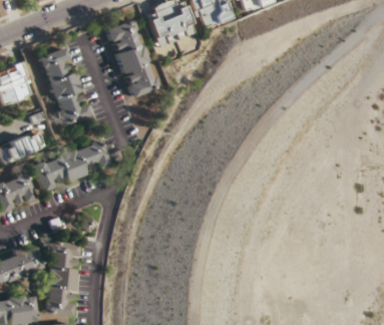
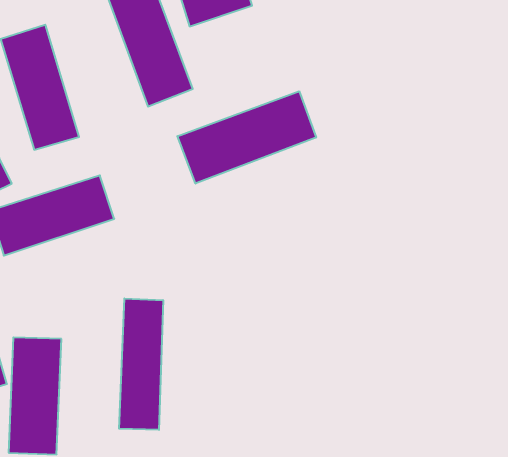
building: none -> [177,91,316,184]
building: none -> [119,298,163,430]

